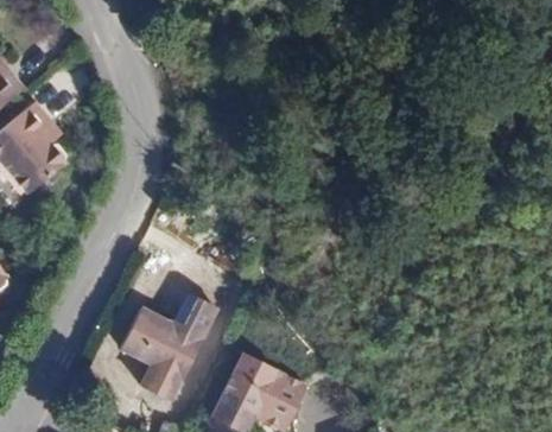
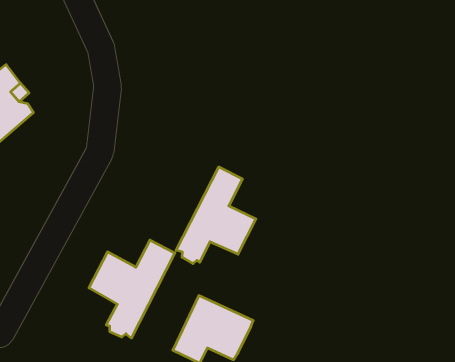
building: none -> [176,167,256,264]

